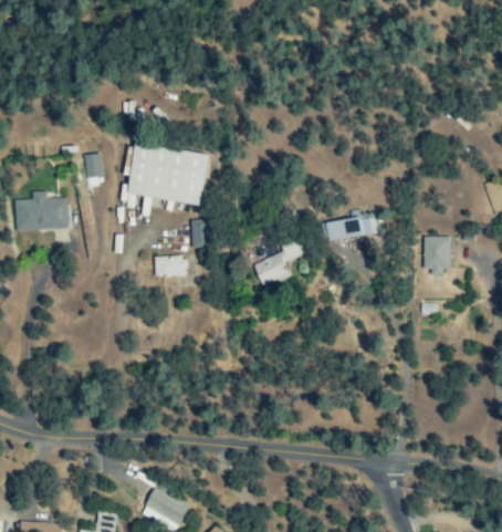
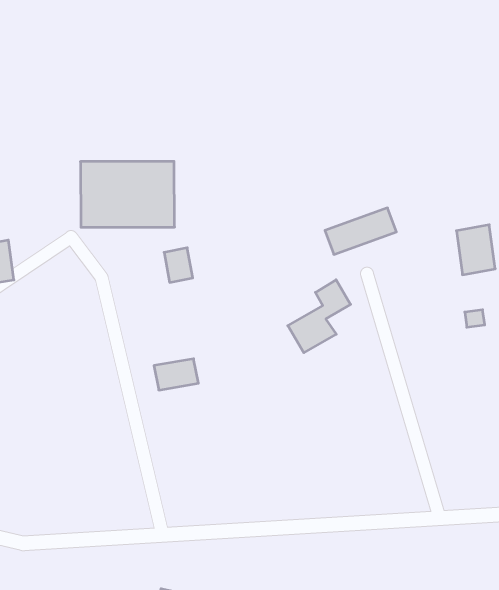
building: [85,153,103,186] -> none
building: [253,232,305,286] -> [288,280,351,353]
building: [155,255,188,277] -> [154,359,198,390]

